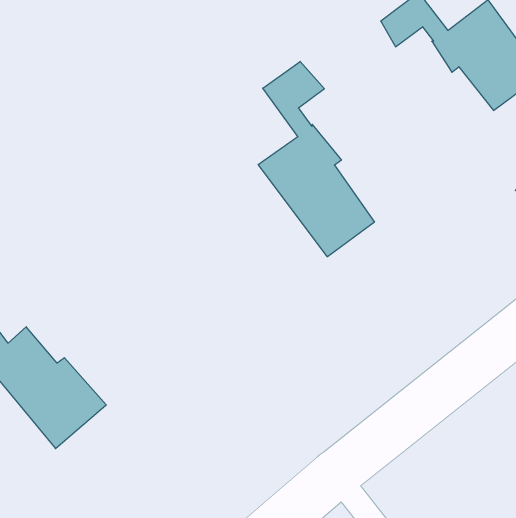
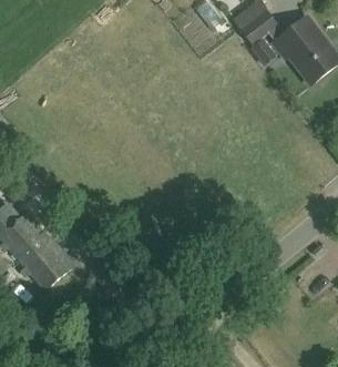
building: [258,61,374,257] -> none

